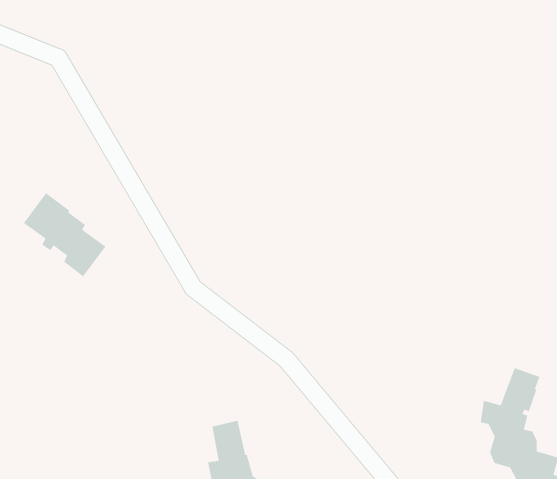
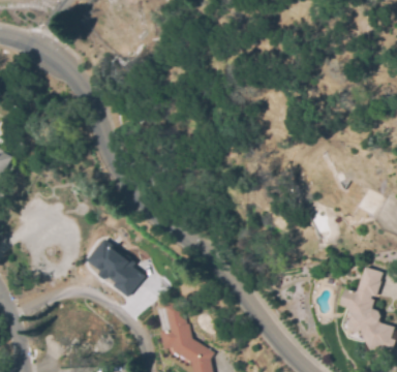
building: [23,192,106,278] -> [87,239,143,296]

